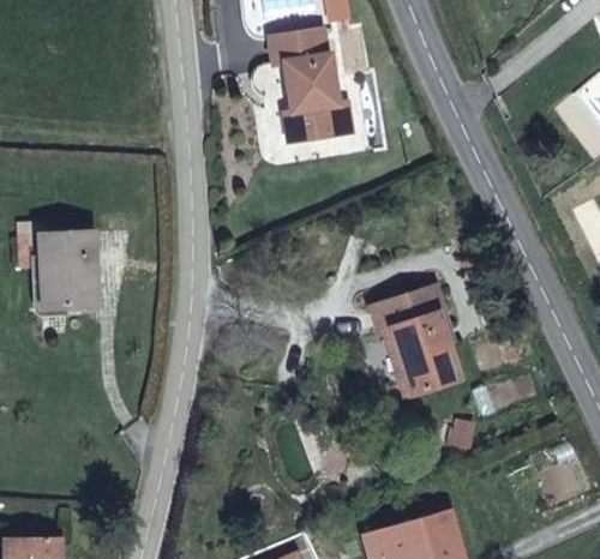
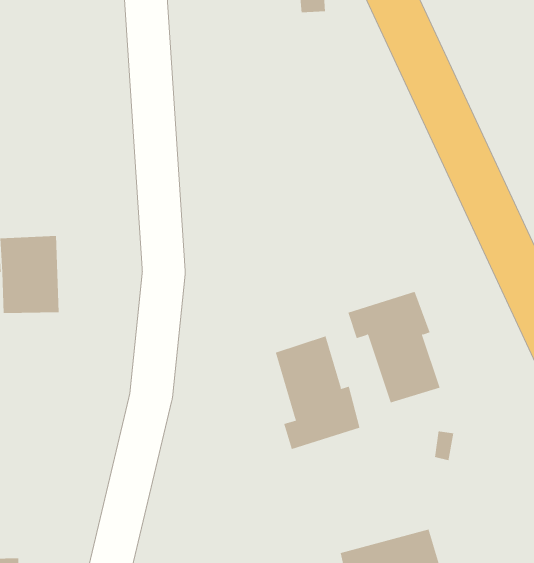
building: [269,31,340,144] -> none
building: none -> [275,335,360,450]

